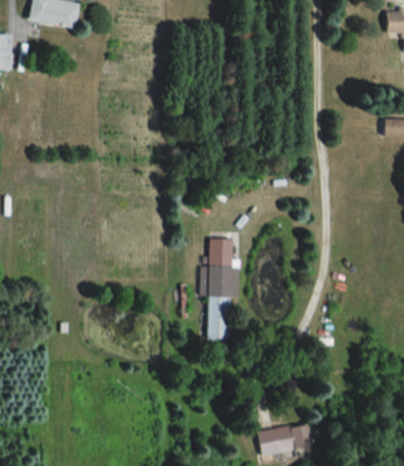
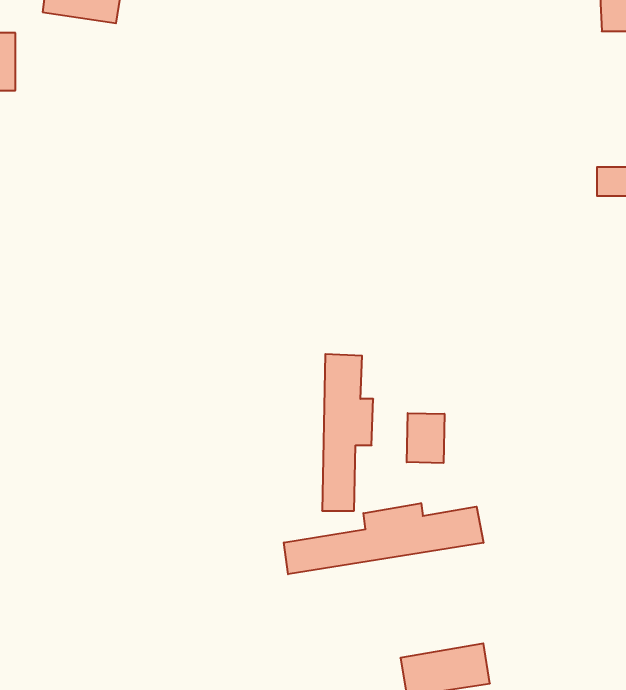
building: none -> [407,413,444,463]
building: none -> [284,503,483,574]

